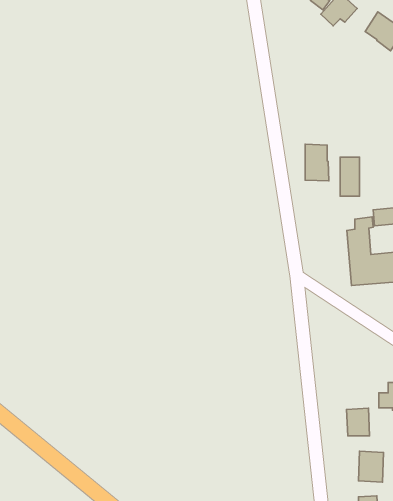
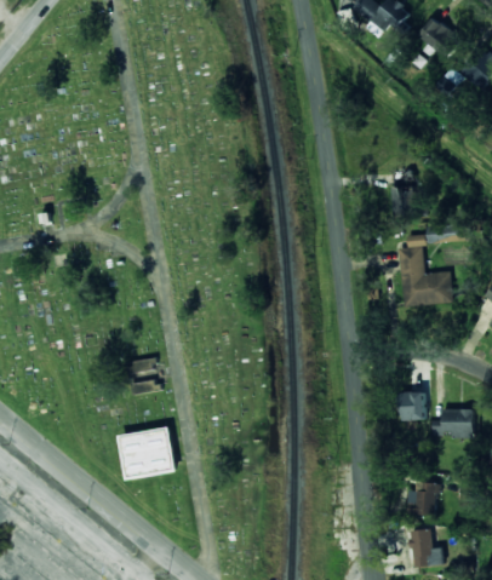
building: [305,144,329,181] -> none
building: none -> [122,430,176,477]
building: [347,408,370,436] -> [401,391,425,420]

